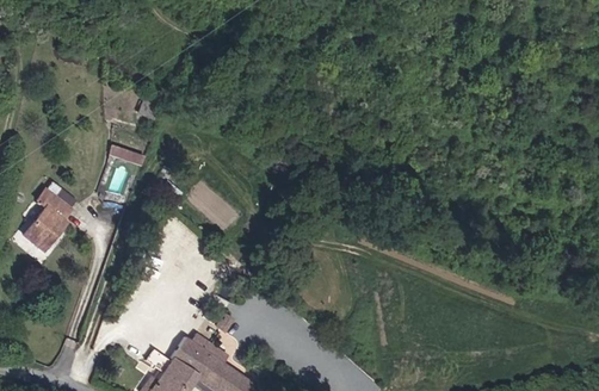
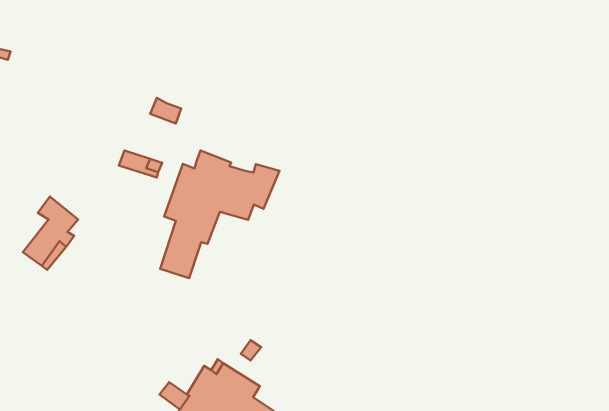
building: none -> [160,151,280,278]

